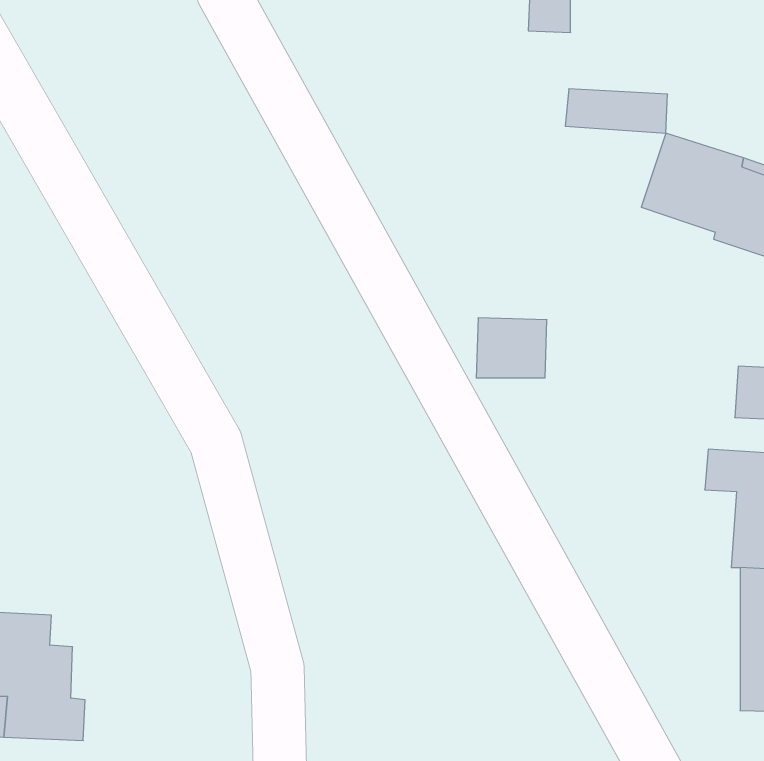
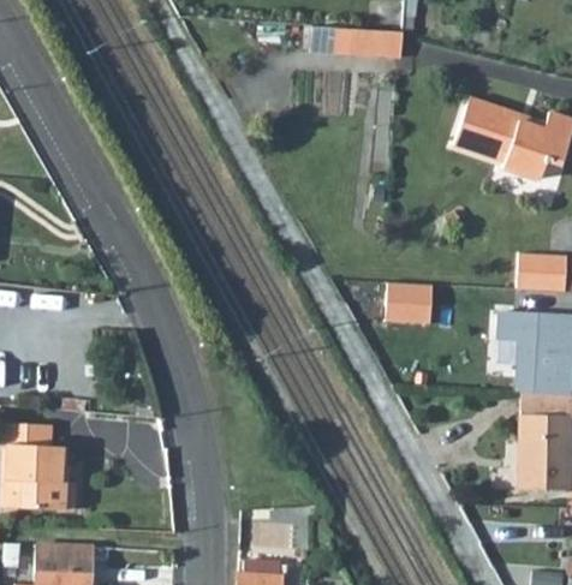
building: [565,89,668,133] -> [333,29,403,59]
building: [476,318,547,378] -> [388,281,436,322]

